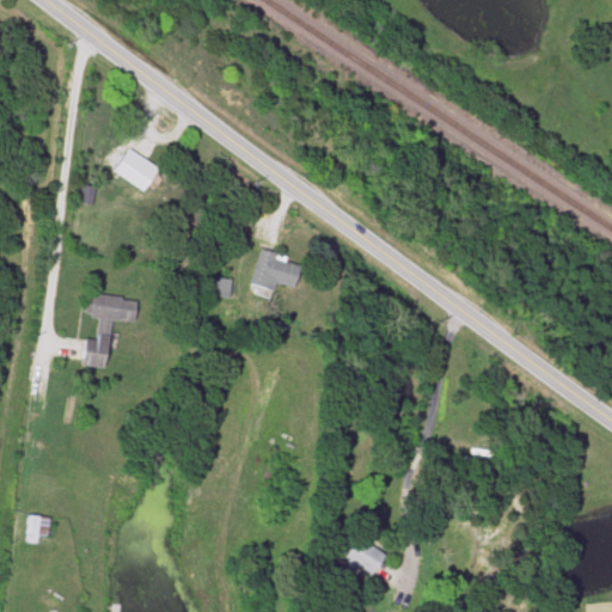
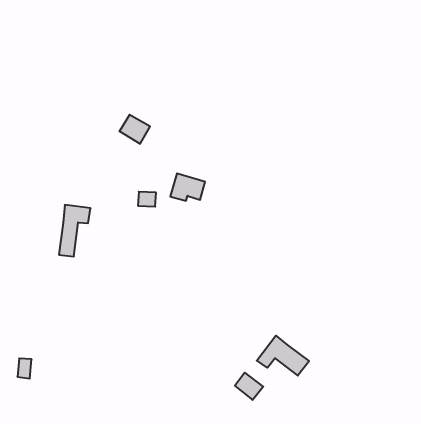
building: [111,149,155,191] -> [119,115,150,144]
building: none -> [257,336,309,376]

